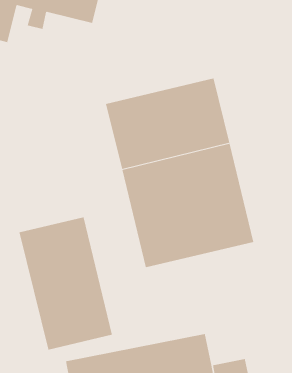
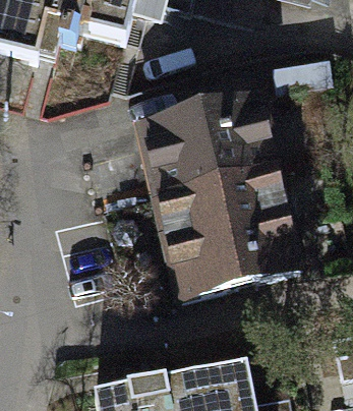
building: [19,216,113,350] -> none

